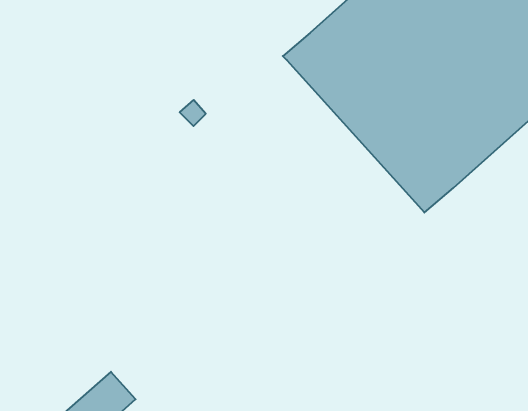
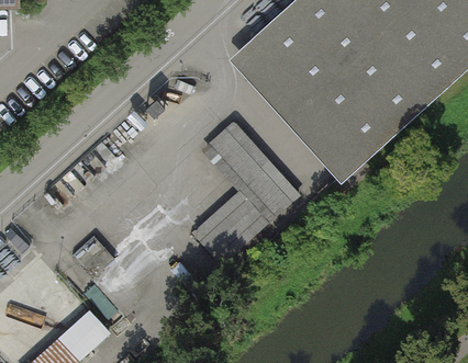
building: none -> [192,120,302,265]

